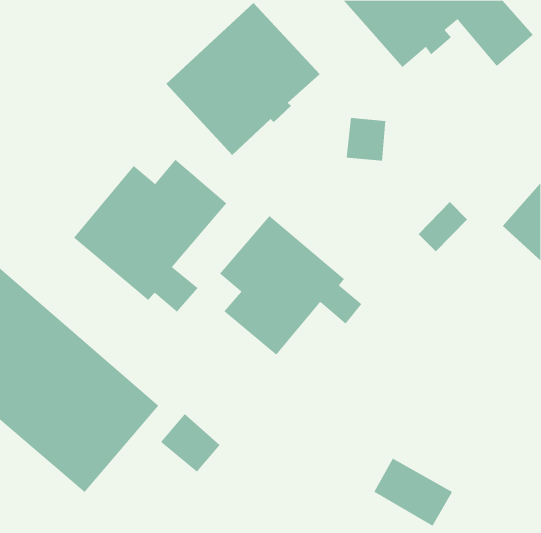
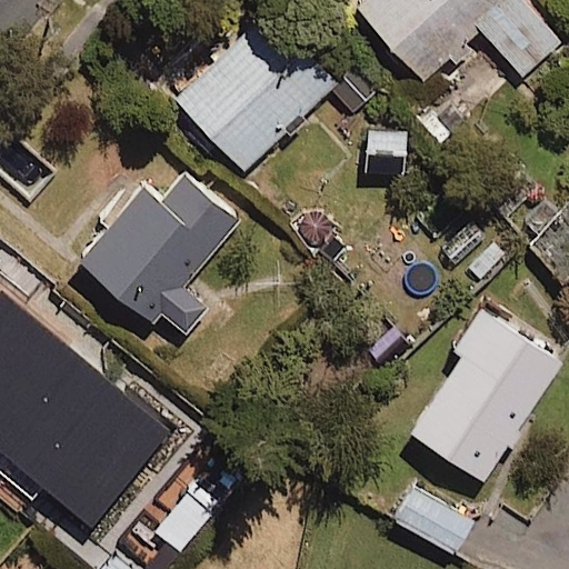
building: [219,215,362,355] -> none
building: none -> [410,309,560,481]

